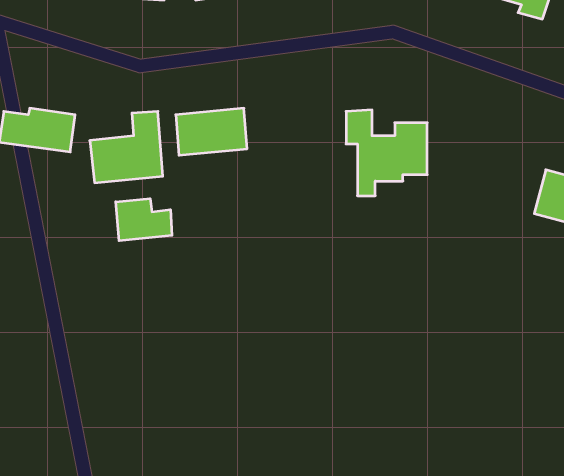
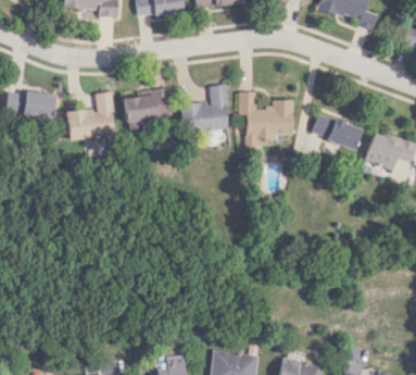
building: none -> [181,85,229,133]
building: none -> [313,115,362,155]
building: [116,199,172,241] -> none

